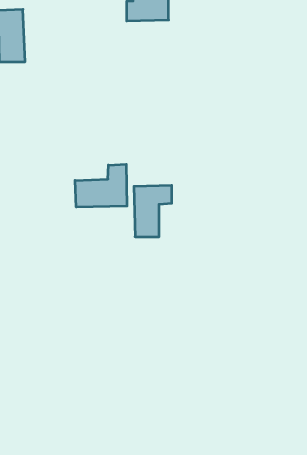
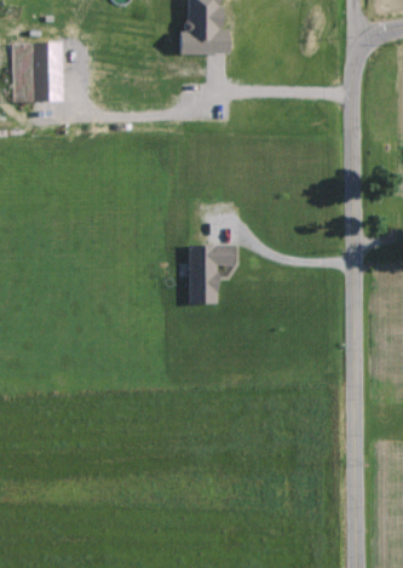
building: [75,164,127,207] -> none

